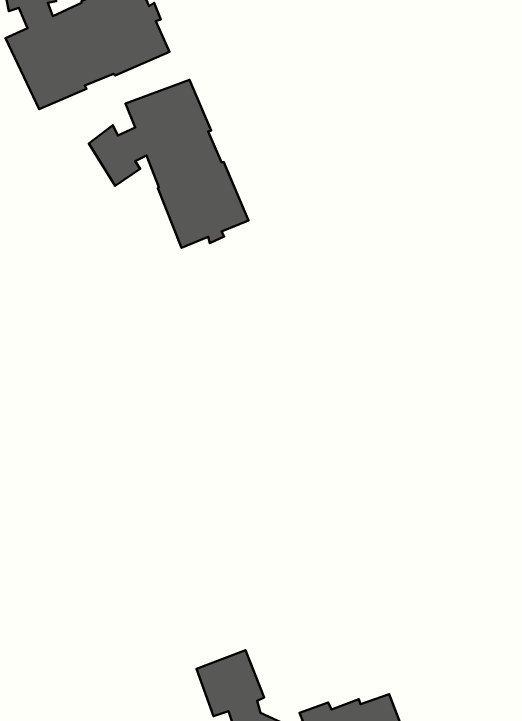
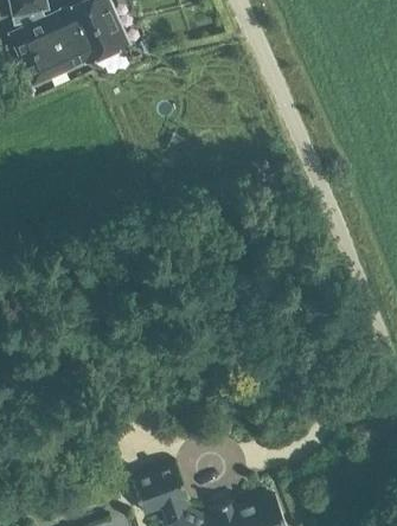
building: [89,80,248,248] -> none

